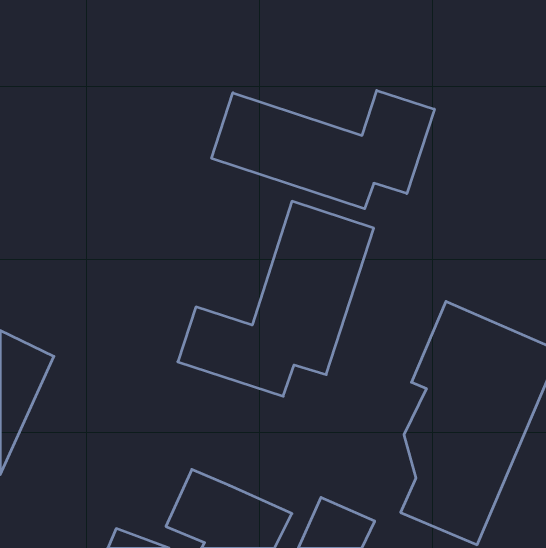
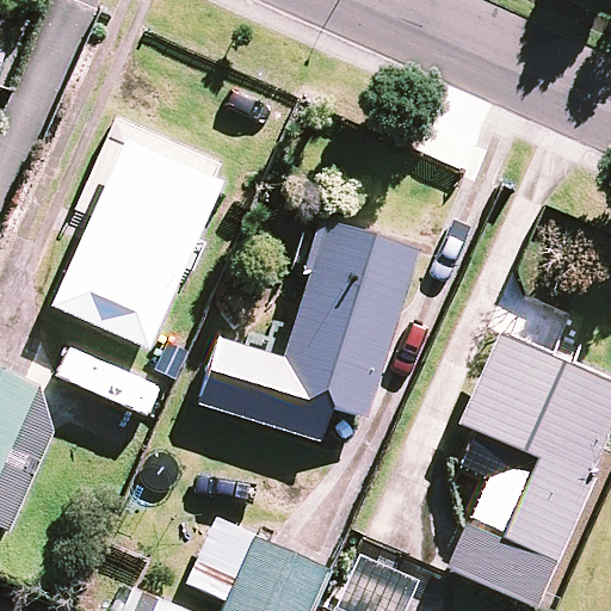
building: [212,90,434,209] -> none
building: none -> [54,140,222,347]

